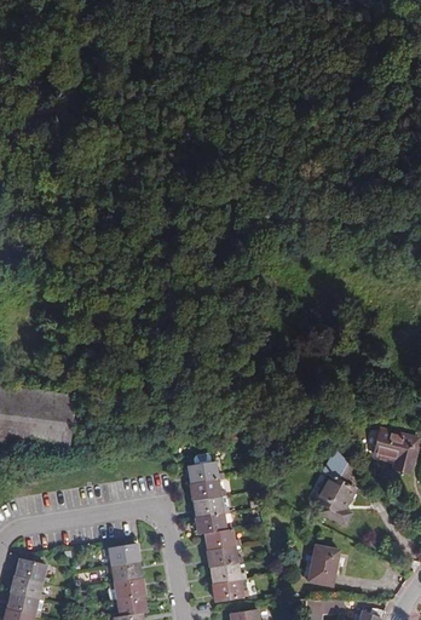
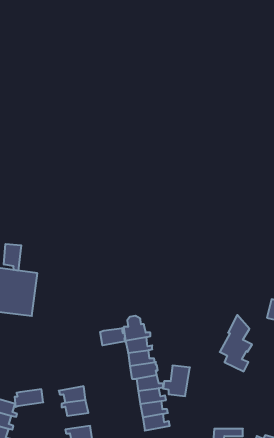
building: none -> [4,244,21,271]
building: none -> [100,328,125,345]
building: [302,545,338,585] -> [163,366,190,396]
building: [106,578,144,601] -> [15,389,43,407]

